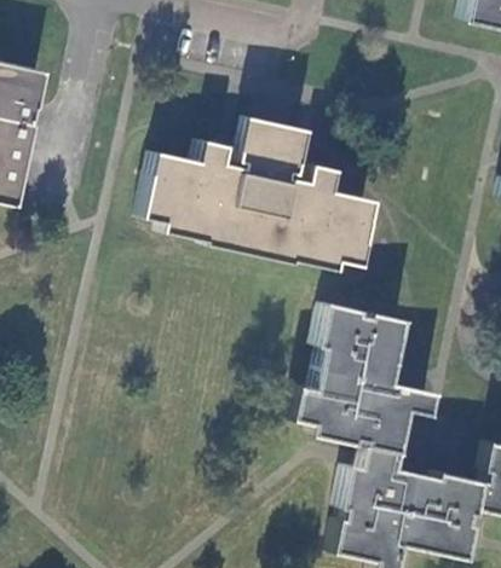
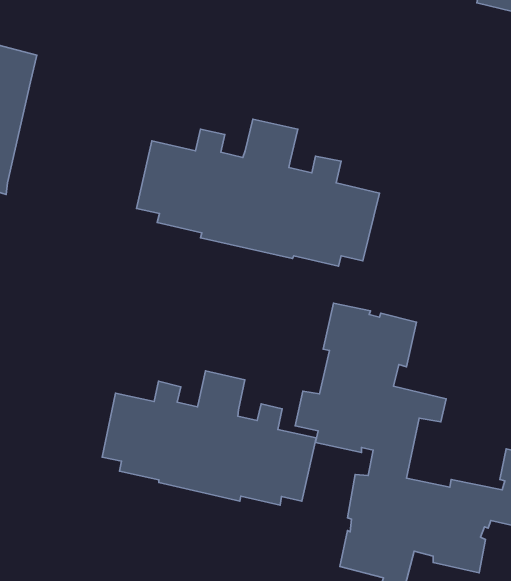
building: [238,116,305,172] -> none
building: none -> [102,371,316,505]

